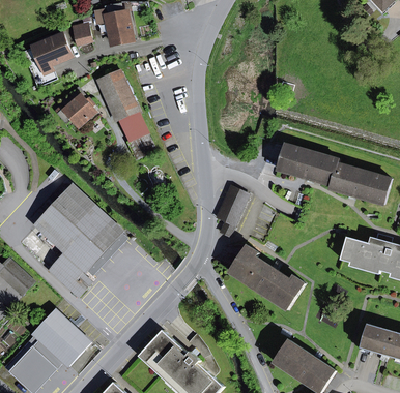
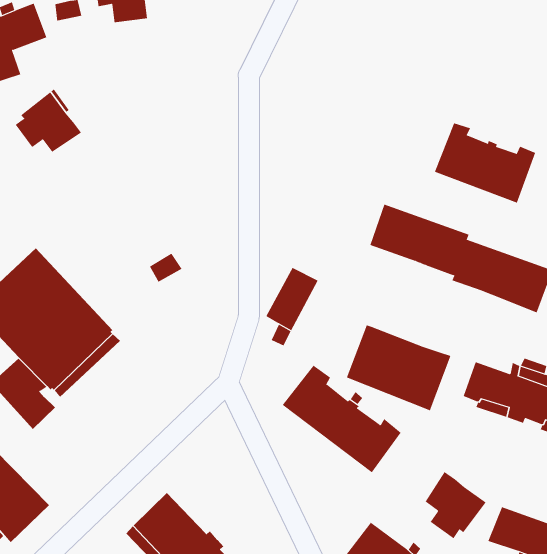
building: [102,70,153,158] -> none
building: none -> [434,122,536,204]
building: none -> [346,325,451,411]
building: none -> [425,471,486,539]

